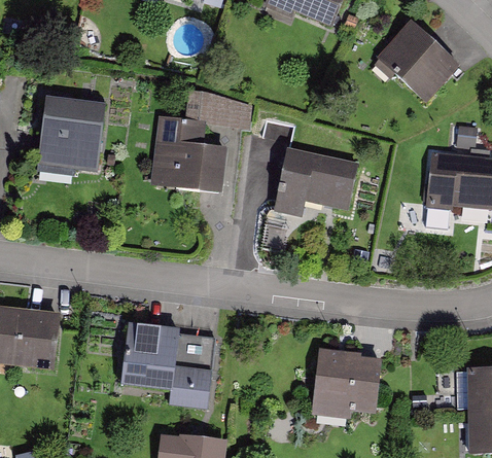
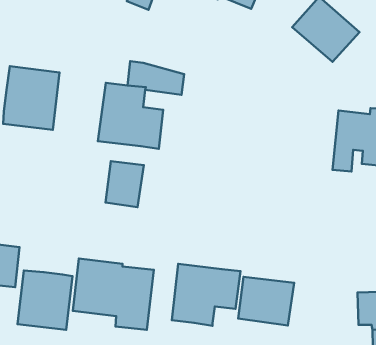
building: [276,146,357,212] -> none
building: none -> [105,161,144,207]
building: none -> [172,264,240,326]
building: none -> [17,271,73,330]

